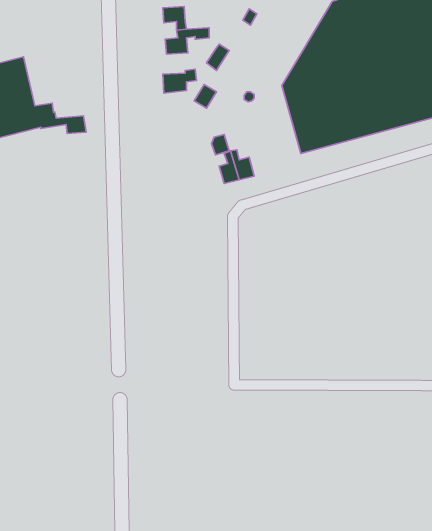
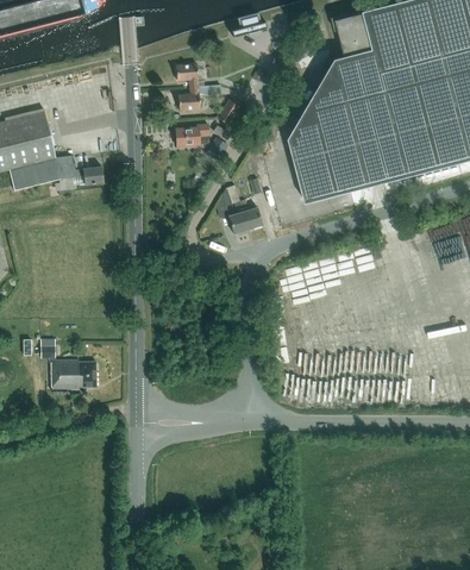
building: none -> [40,338,96,389]

